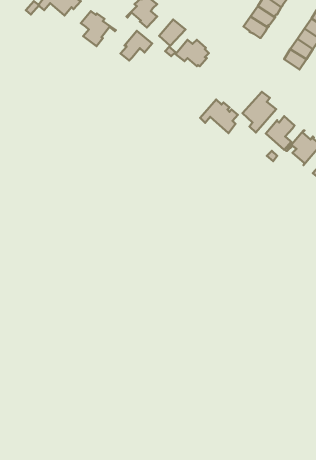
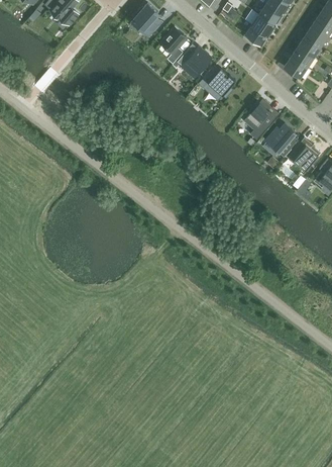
building: [81,11,116,46] -> none
building: [121,31,152,60] -> none
building: [200,99,238,133] -> [198,65,235,98]

